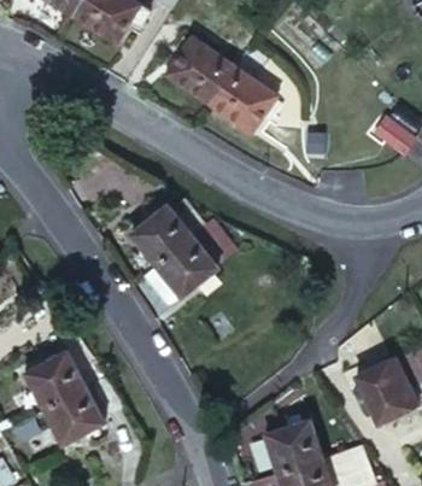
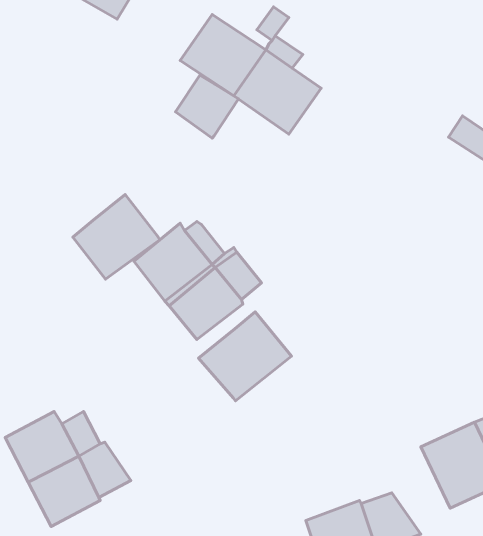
building: none -> [176,75,238,138]
building: none -> [73,195,160,279]
building: none -> [199,312,291,401]

